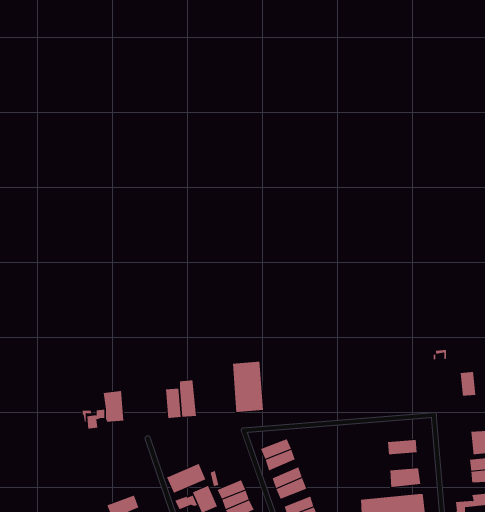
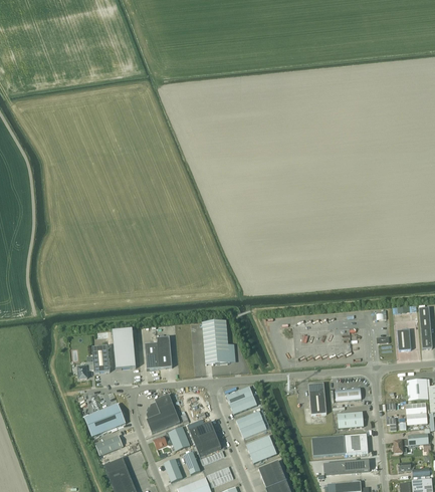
building: none -> [113,328,136,368]
building: none -> [308,383,327,414]
building: none -> [147,393,174,418]
building: none -> [84,403,126,436]

